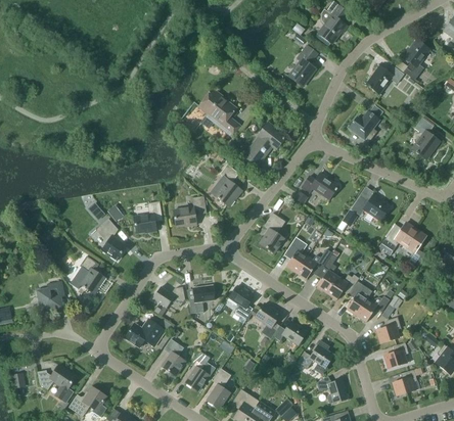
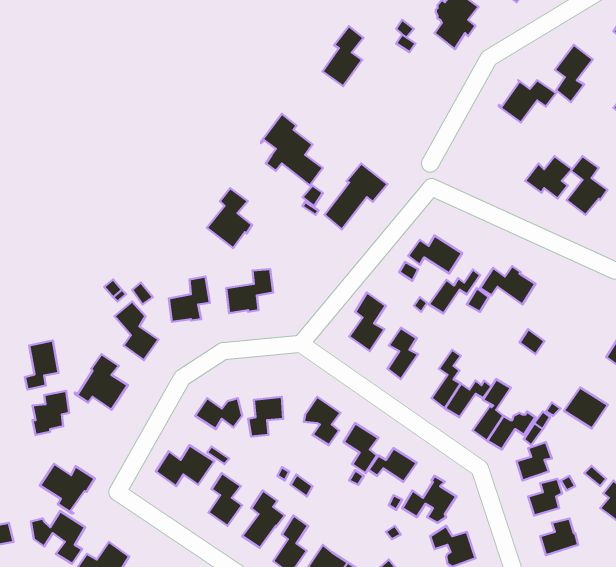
building: [288,45,317,87] -> [323,26,364,86]
building: [348,110,380,140] -> [525,156,572,199]
building: [211,165,242,206] -> [207,188,252,248]
building: [395,223,425,251] -> [564,387,608,428]
building: none -> [25,340,59,390]
building: [296,248,331,279] -> [429,269,480,313]
building: none -> [40,464,95,514]

